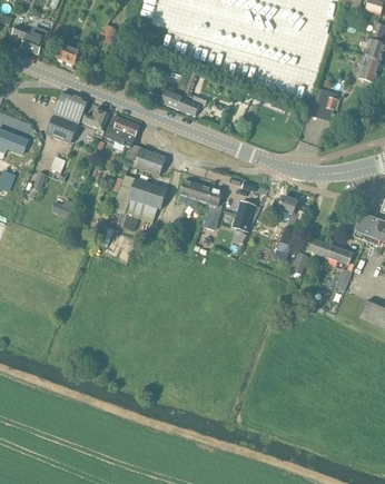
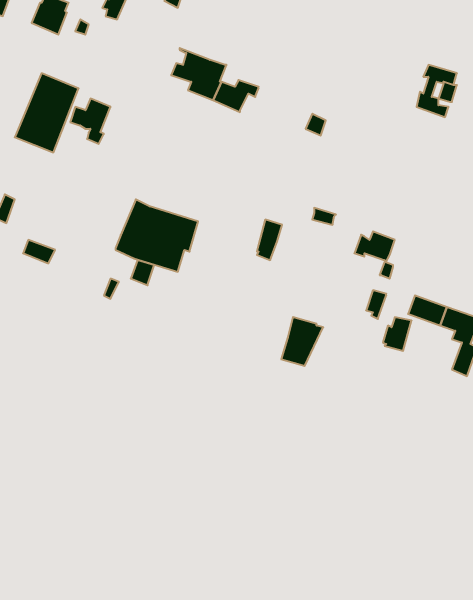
building: [105,115,166,176] -> none
building: [177,178,211,206] -> none
building: [233,199,260,231] -> [281,317,323,366]

